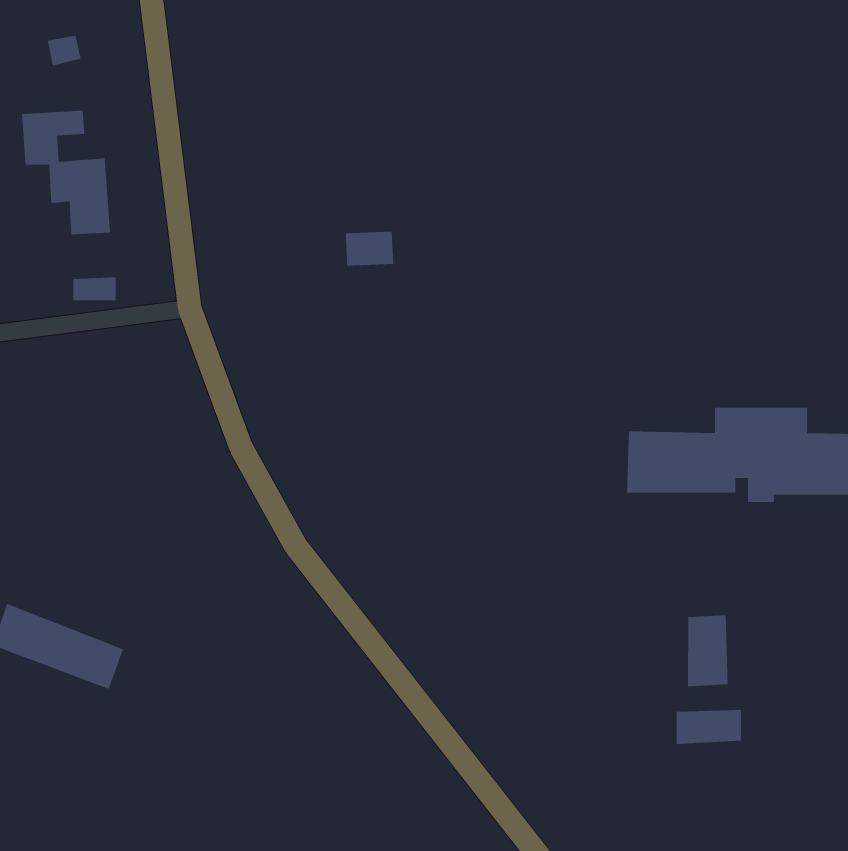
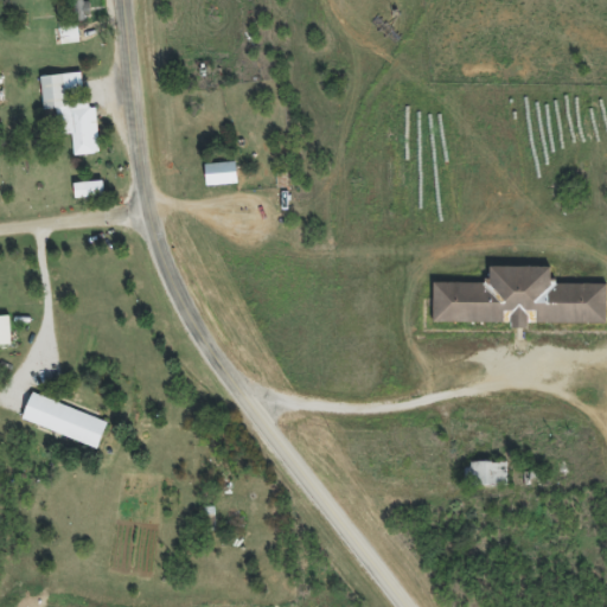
building: [345,231,394,266] -> [205,162,237,185]
building: [688,615,728,687] -> none

